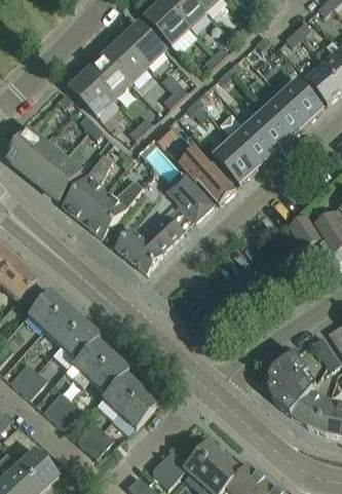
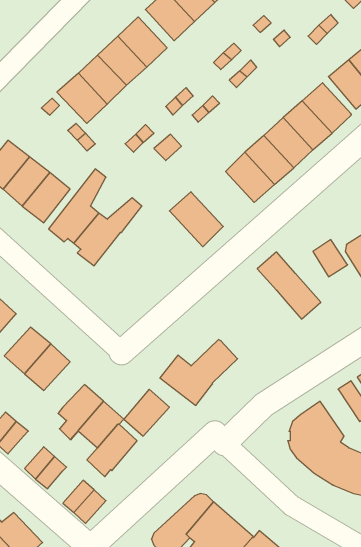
building: [181,144,235,201] -> [257,252,321,319]
building: [117,215,184,271] -> [160,340,238,405]
building: [60,318,99,357] -> none
building: [118,386,157,426] -> [124,389,169,436]

